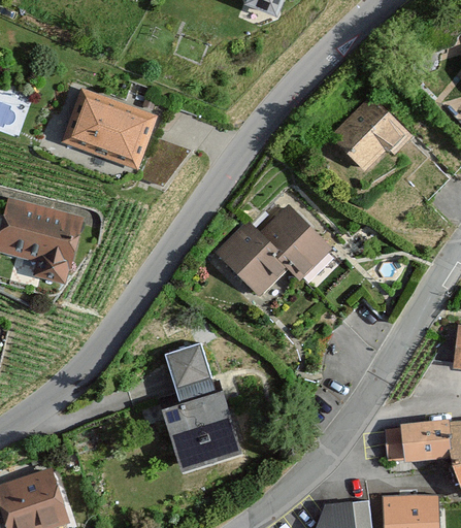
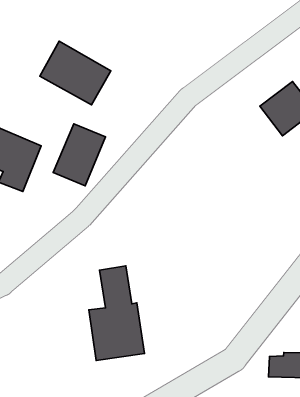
building: none -> [53,124,105,186]
building: [219,209,327,290] -> none

